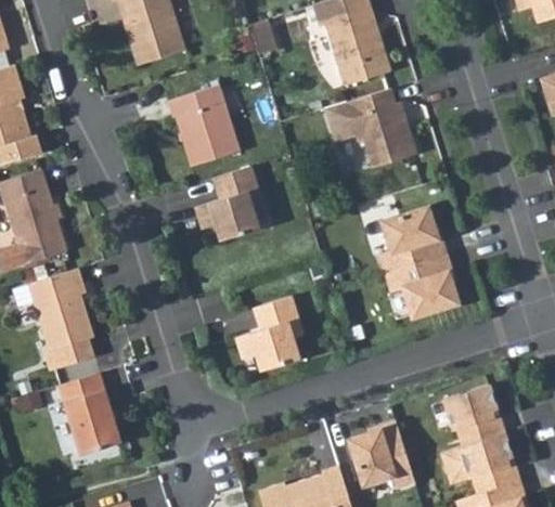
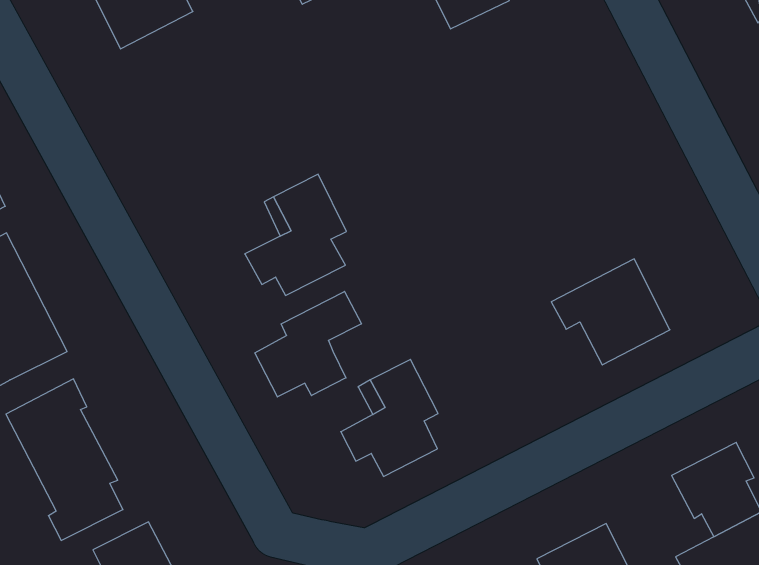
building: [167,89,238,168] -> none
building: [324,90,416,167] -> none
building: [380,209,444,274] -> none
building: none -> [255,291,361,397]

